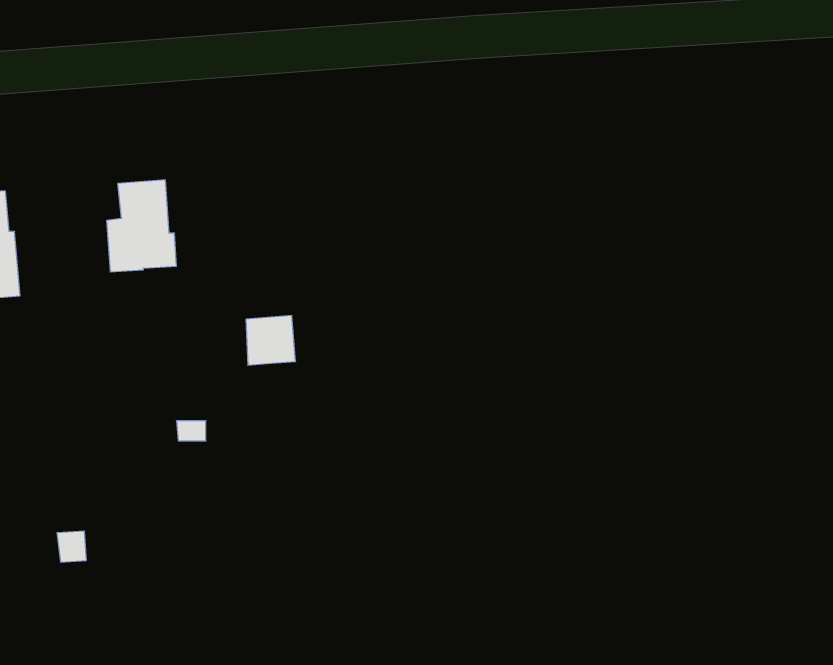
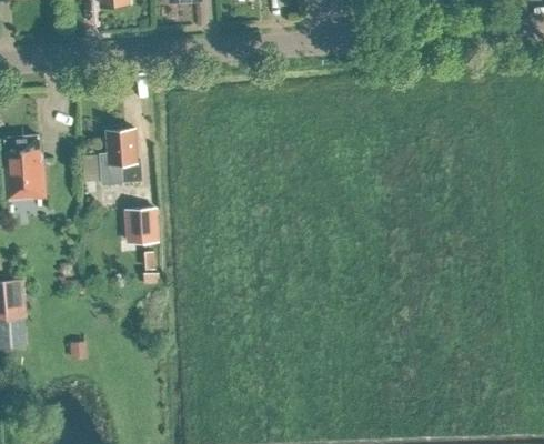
building: [246,316,296,365] -> [123,209,153,239]

